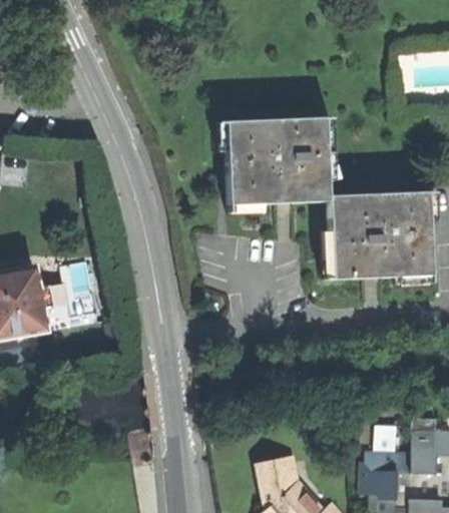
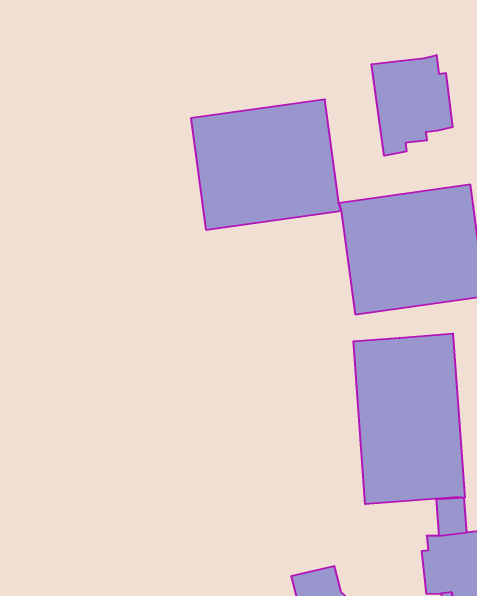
building: none -> [372,55,452,156]
building: none -> [353,333,465,504]

